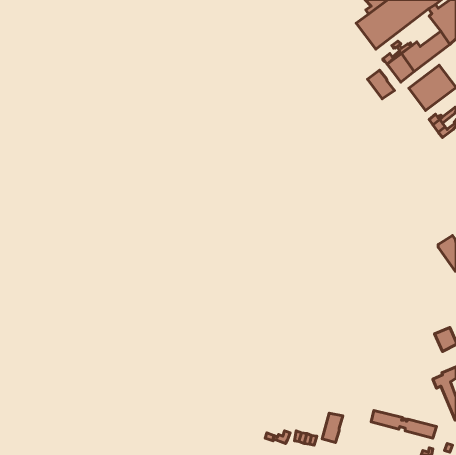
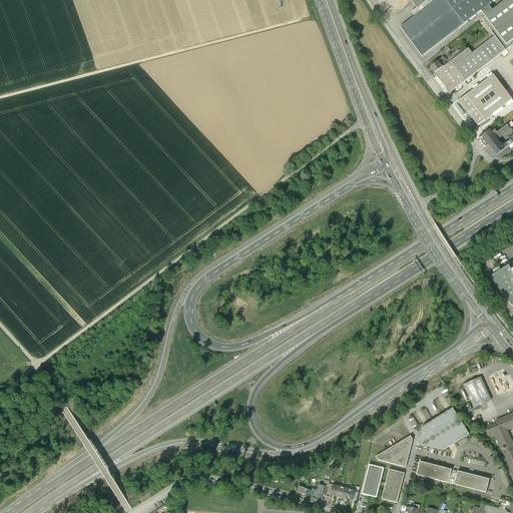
building: [367,70,395,99] -> none
building: none -> [463,376,491,407]
building: none -> [419,407,470,449]
building: none -> [377,436,413,467]
building: none -> [381,469,405,503]

